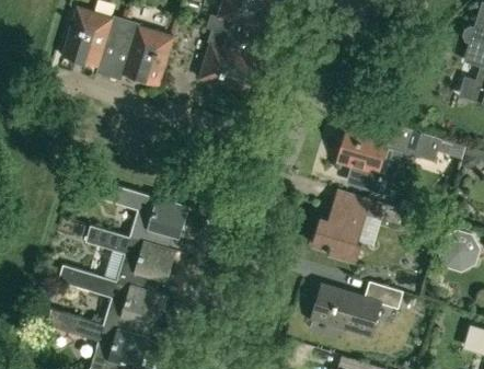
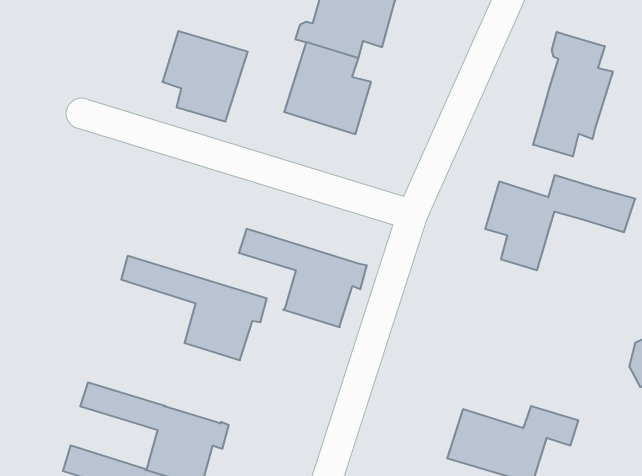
building: [61,7,125,67] -> none
building: none -> [533,32,613,157]
building: [311,192,380,262] -> none
building: [84,226,173,293] -> [239,229,367,327]

